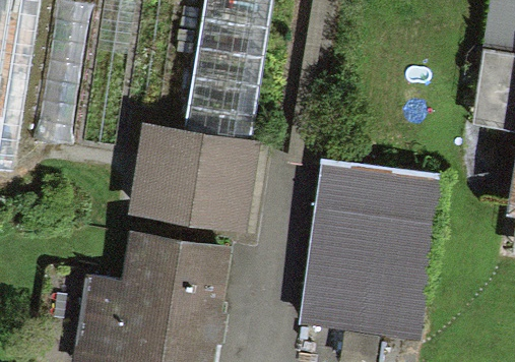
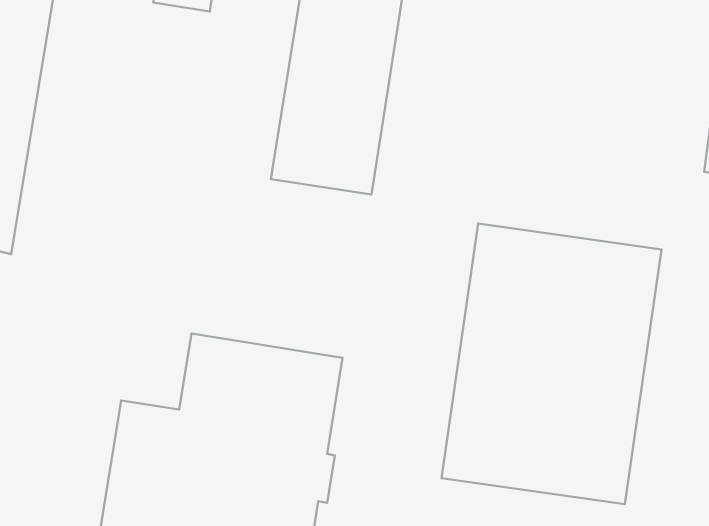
building: [125,121,270,235] -> none

